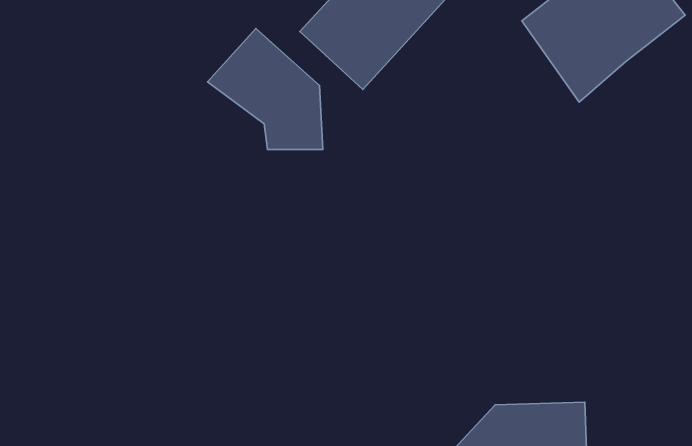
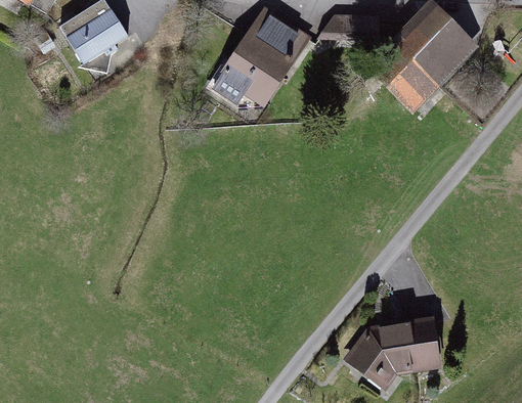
building: [208,29,323,150] -> none

